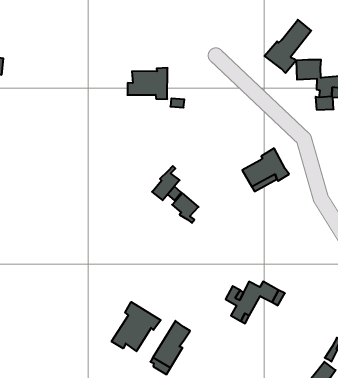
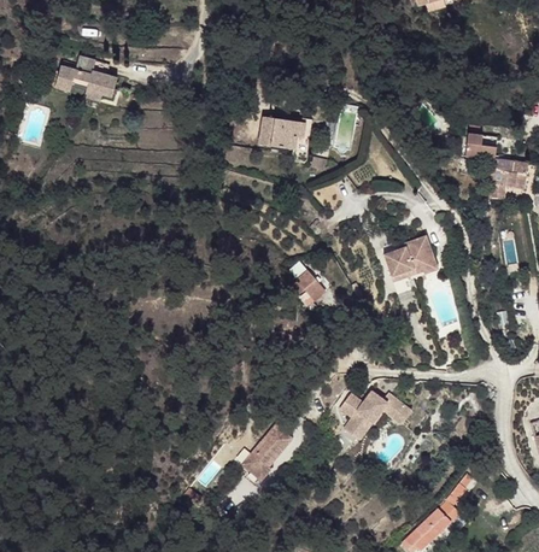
building: [264,20,311,73] -> none
building: [152,166,180,200] -> none
building: [112,302,161,351] -> none

